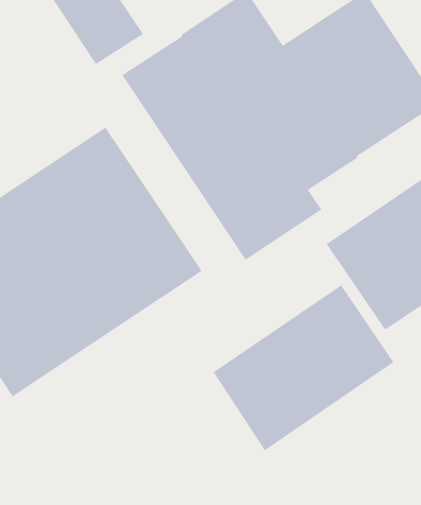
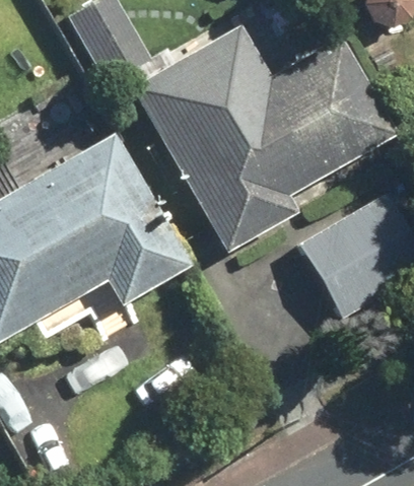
building: [213,285,394,451] -> none

